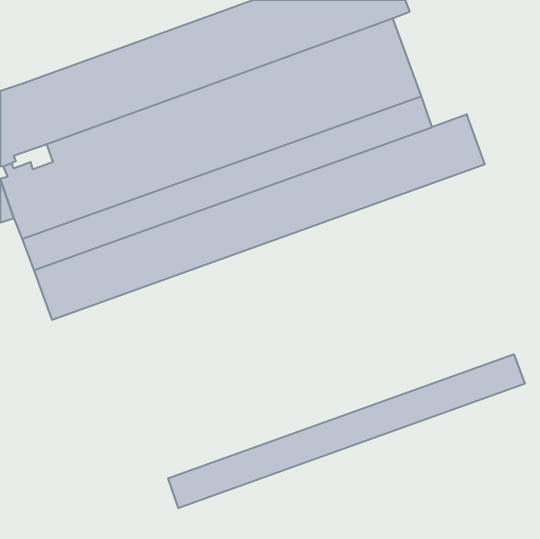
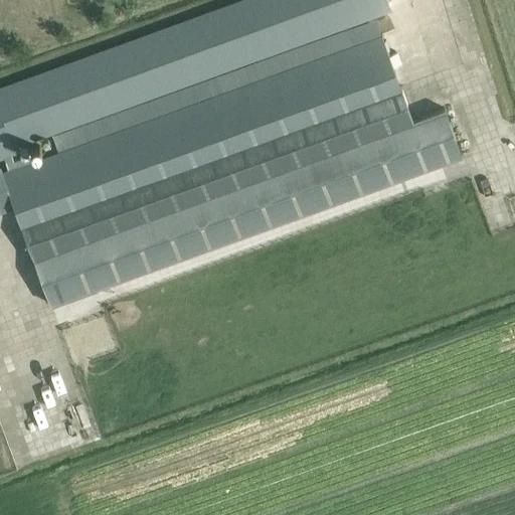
building: [168,354,525,508] -> none

